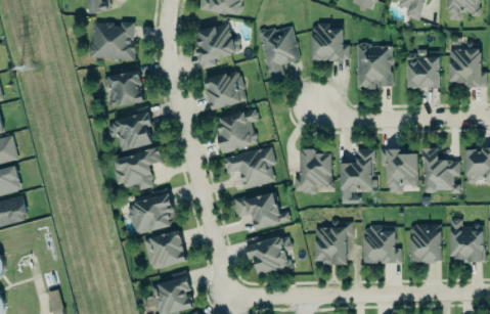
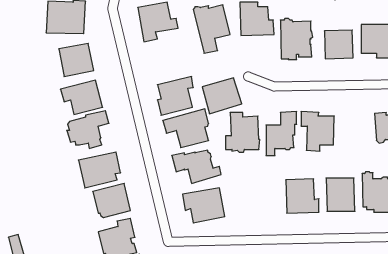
building: [203,70,248,110] -> [202,78,242,114]
building: [424,148,460,191] -> none
building: [315,221,353,265] -> none

